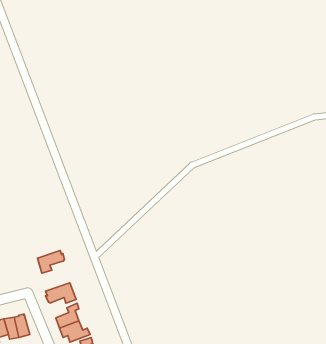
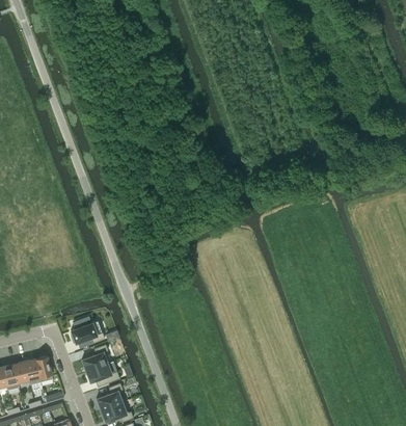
building: [37,250,64,273] -> none

